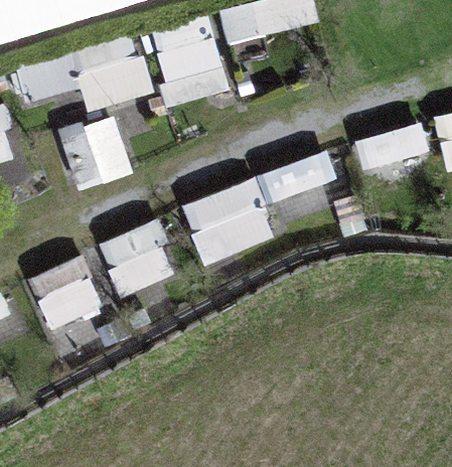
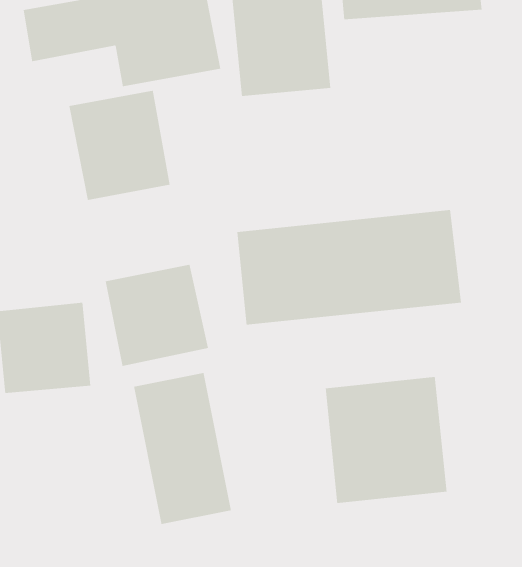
building: none -> [325,376,447,504]
building: none -> [133,372,231,525]

